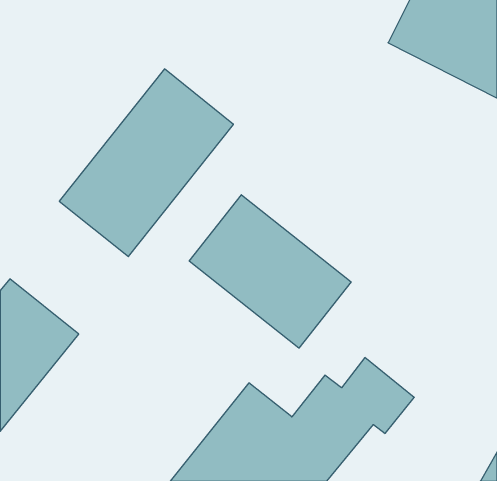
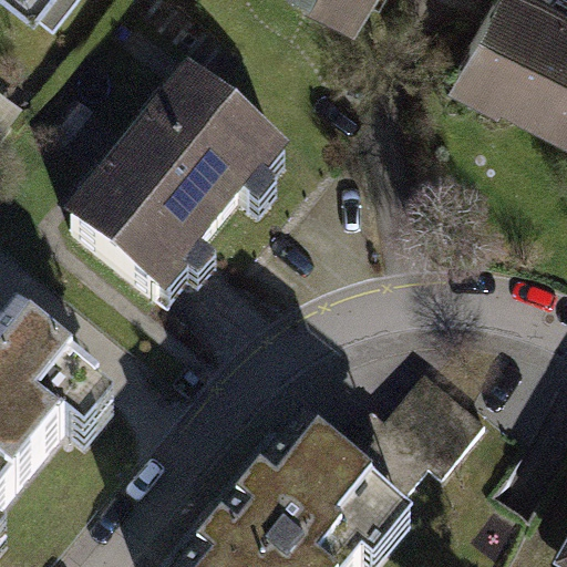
building: [189,195,351,348] -> none

